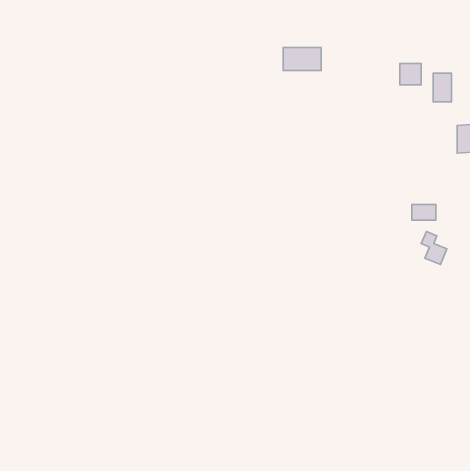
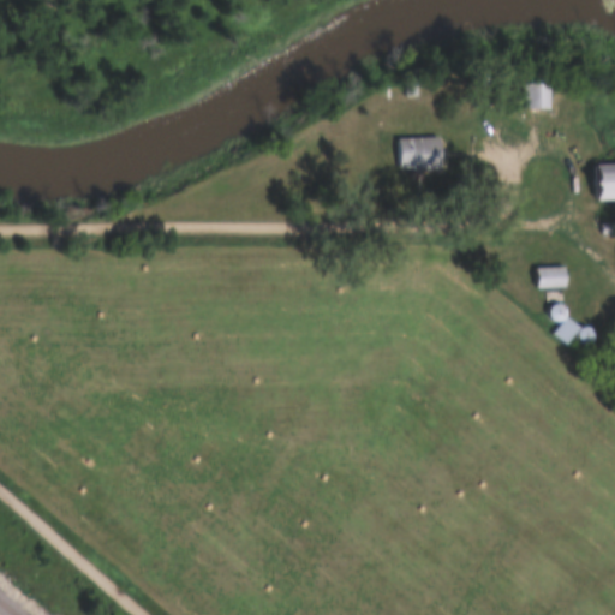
building: [283,48,321,71] -> [395,139,444,169]
building: [433,73,451,102] -> none

